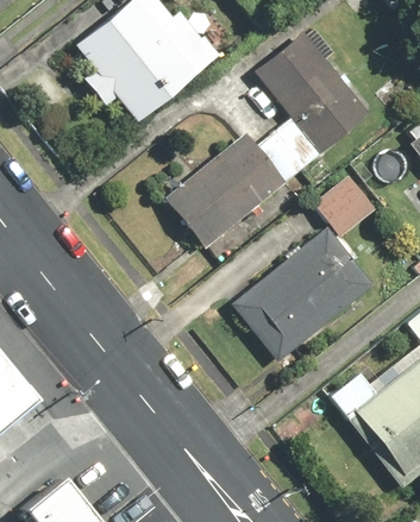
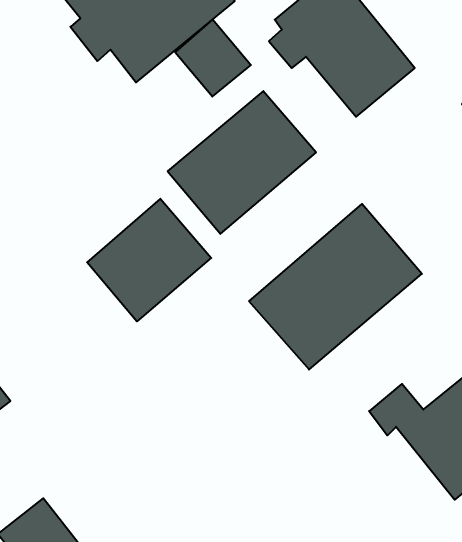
building: [257,117,320,181] -> [175,19,251,97]
building: [312,172,377,237] -> none
building: none -> [87,199,211,321]

